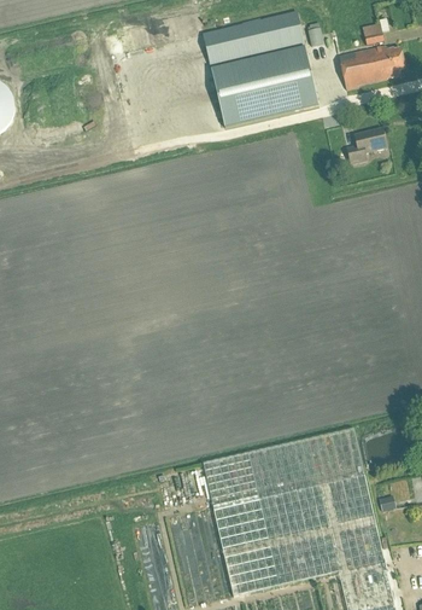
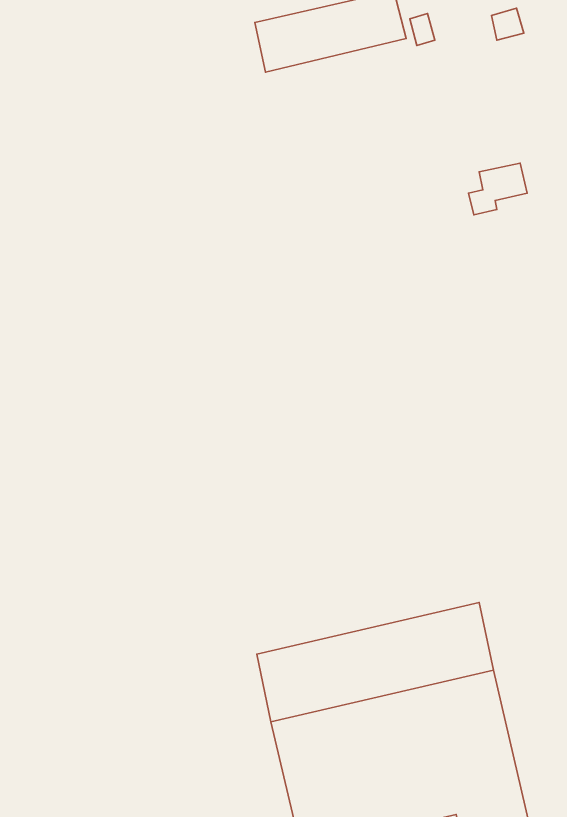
building: [210,45,320,127] -> none
building: [339,47,406,91] -> none

